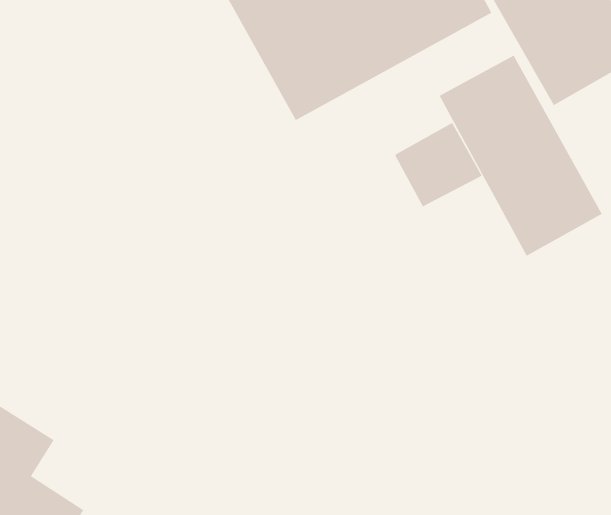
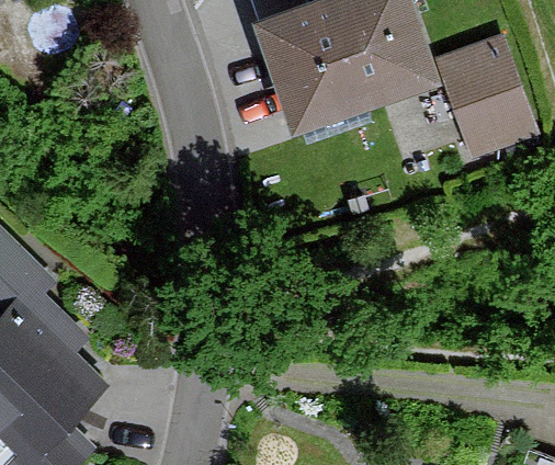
building: [439,55,603,256] -> none

